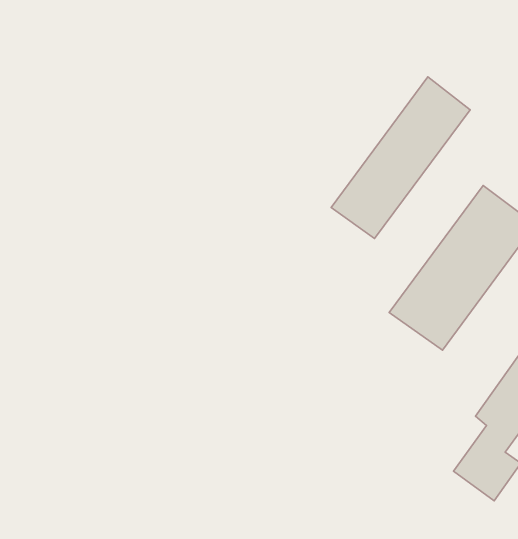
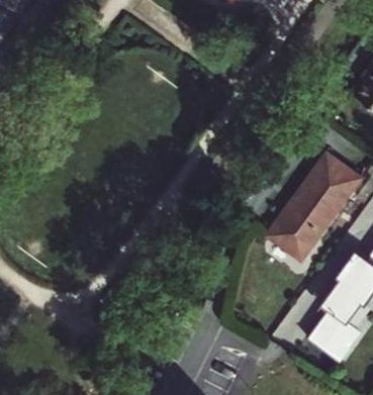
building: [331,77,470,239] -> none

